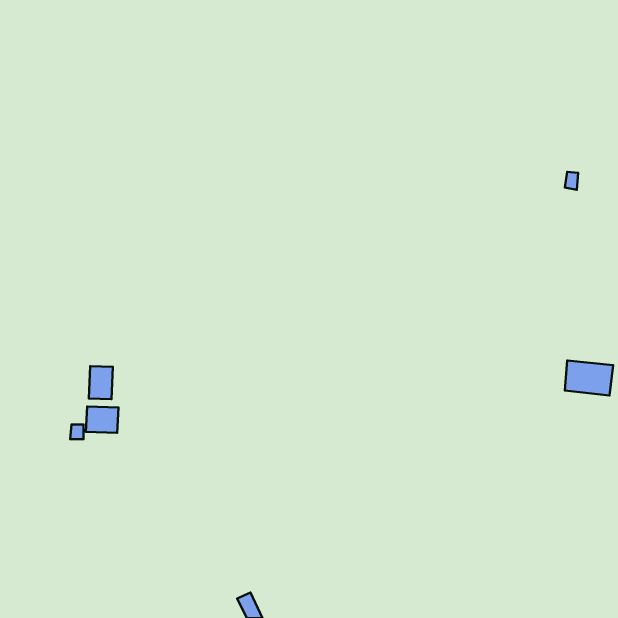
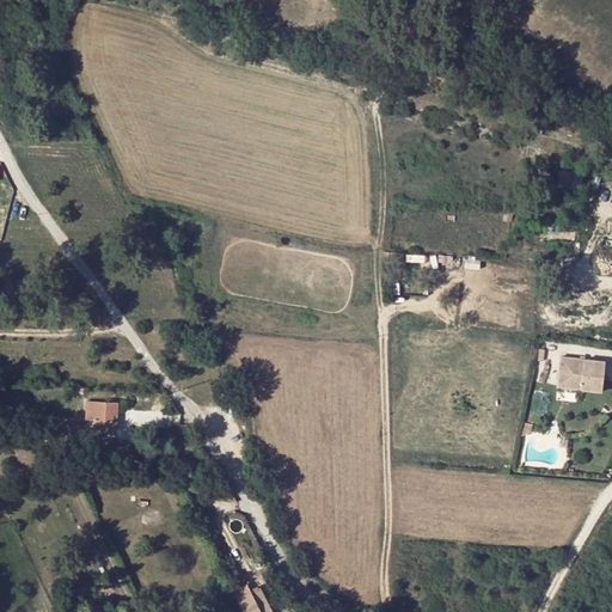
building: [89,366,113,399] -> none

